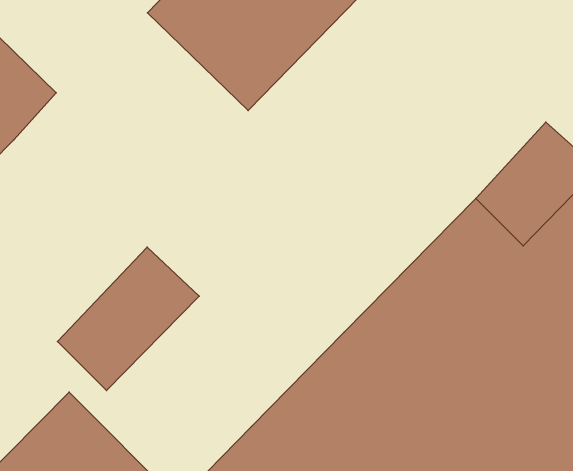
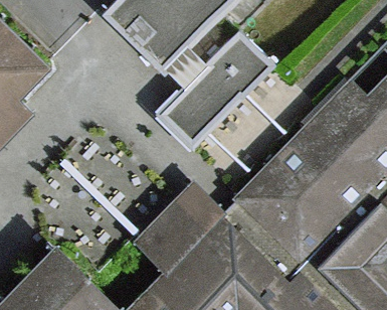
building: none -> [158,29,277,150]
building: [58,247,199,390] -> [139,181,226,270]

